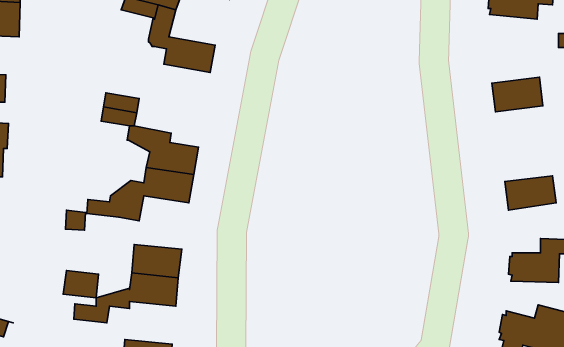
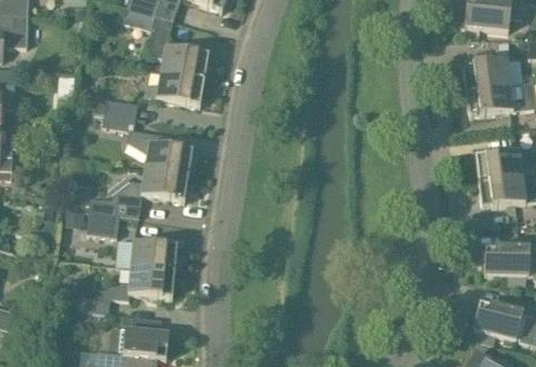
building: none -> [462,56,509,88]
building: none -> [145,71,203,104]
building: none -> [474,148,522,180]
building: [63,271,99,298] -> [85,210,118,235]

